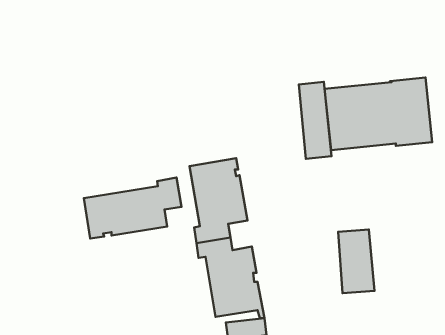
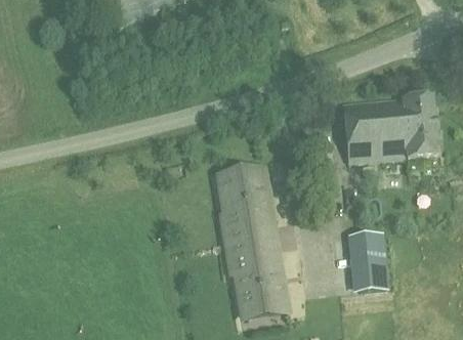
building: [299,82,332,159] -> none
building: [84,177,181,238] -> none

